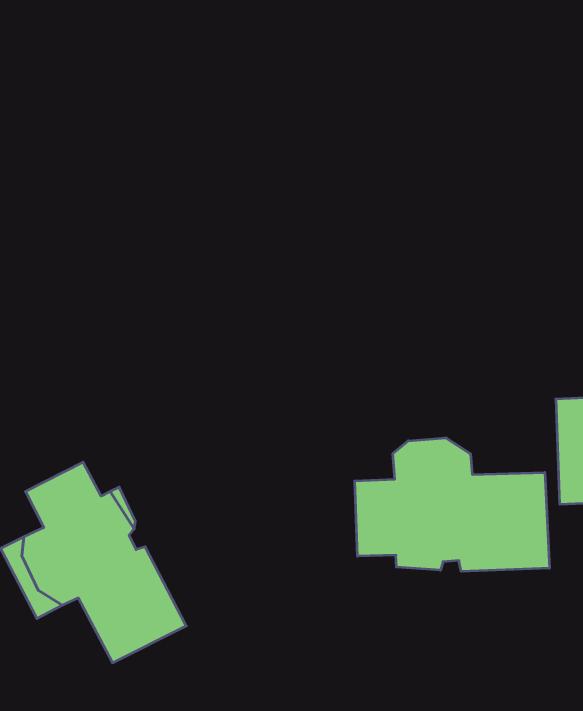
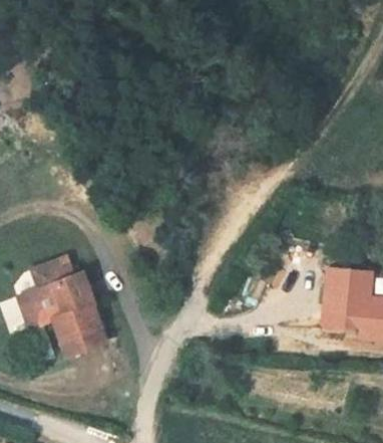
building: [355,438,549,571] -> none

